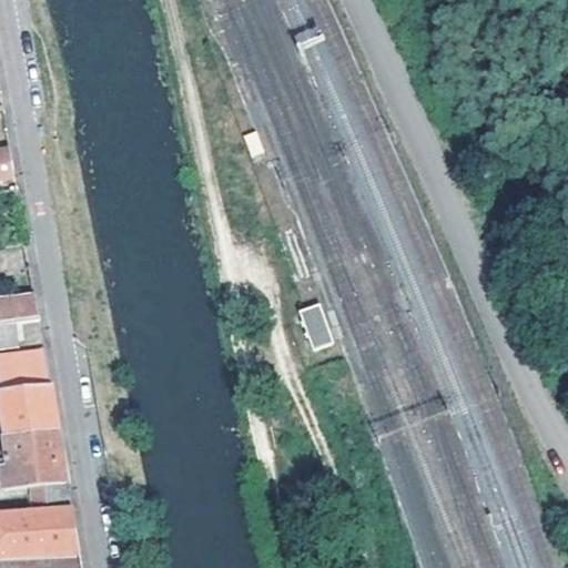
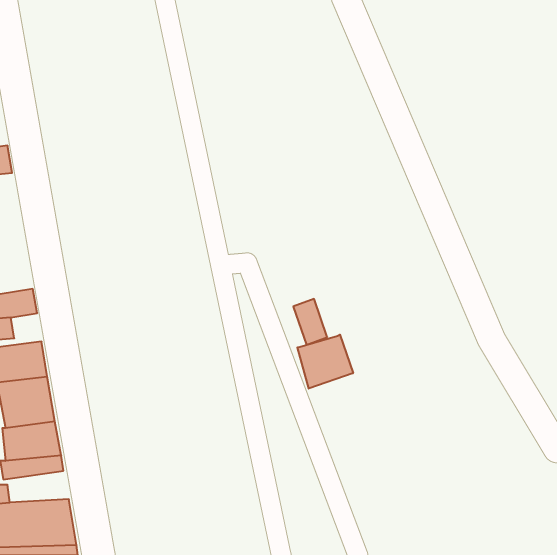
building: none -> [297,335,353,389]

